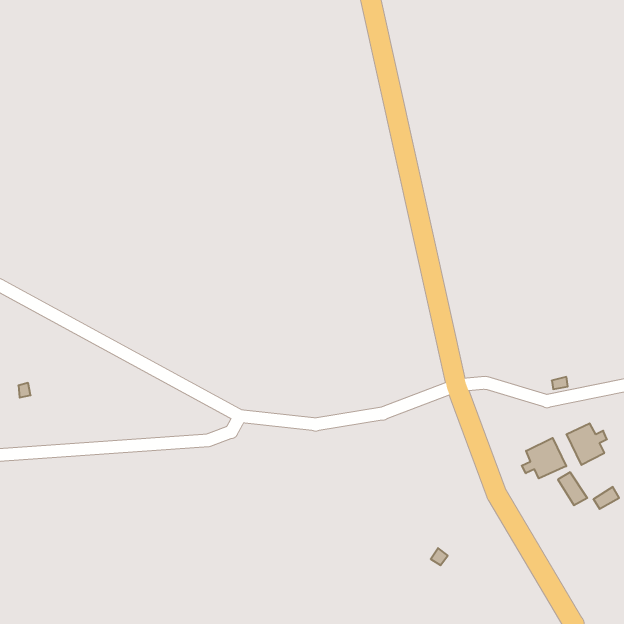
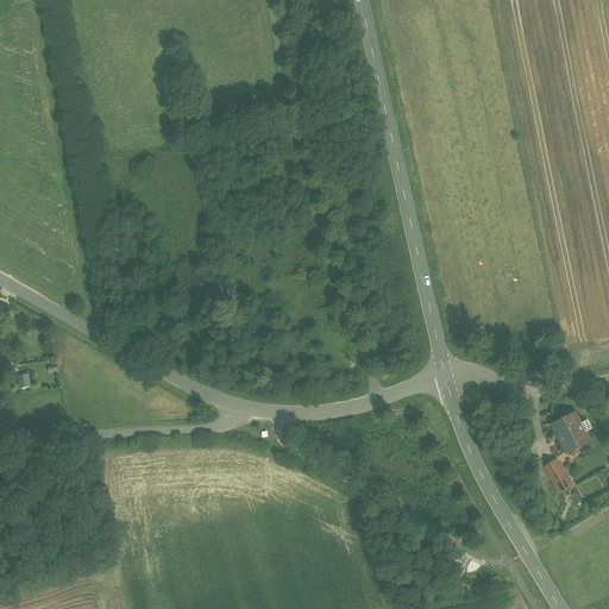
building: [522,438,566,478] -> none

